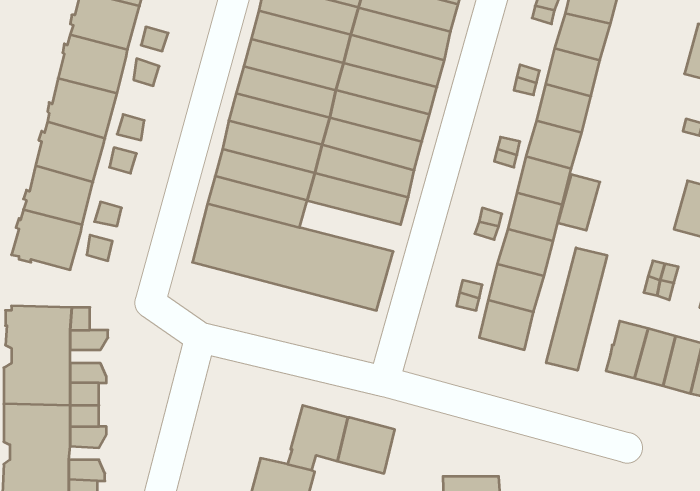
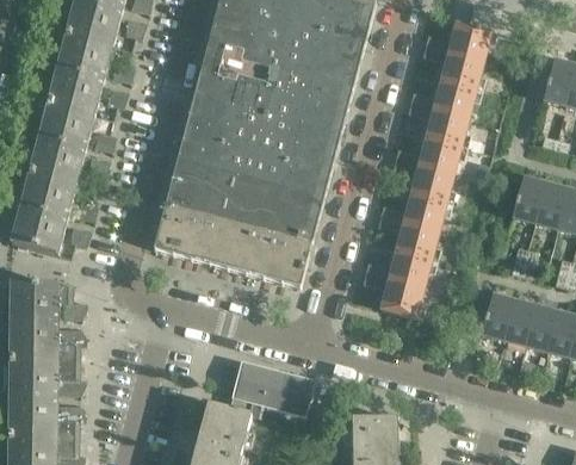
building: [558,175,600,230] -> [512,178,545,222]
building: none -> [239,199,318,240]
building: [546,248,607,370] -> none

